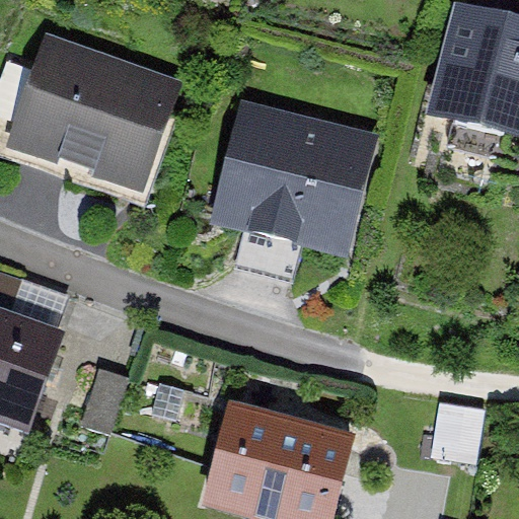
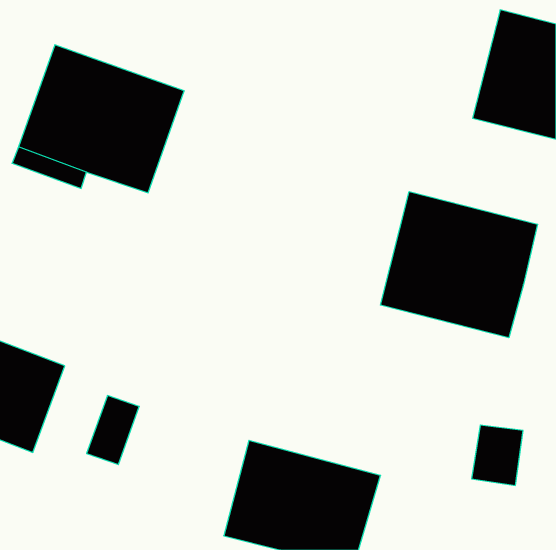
building: [221,110,366,242] -> none
building: none -> [380,192,538,338]

